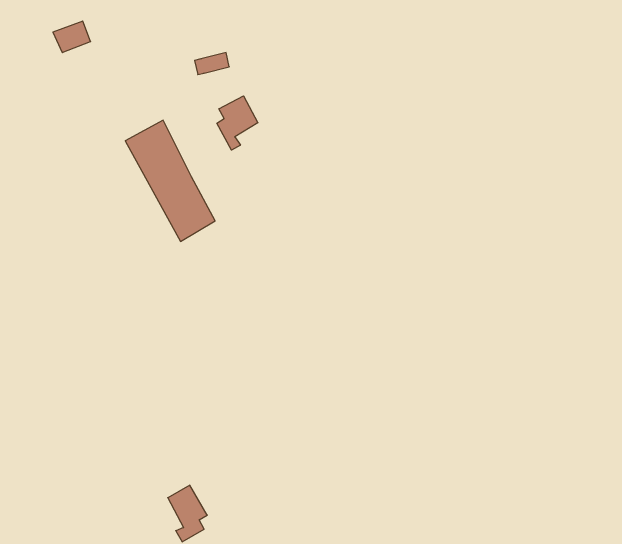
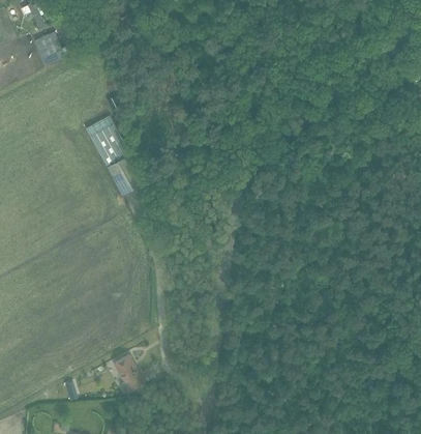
building: [217,96,258,150] -> none

